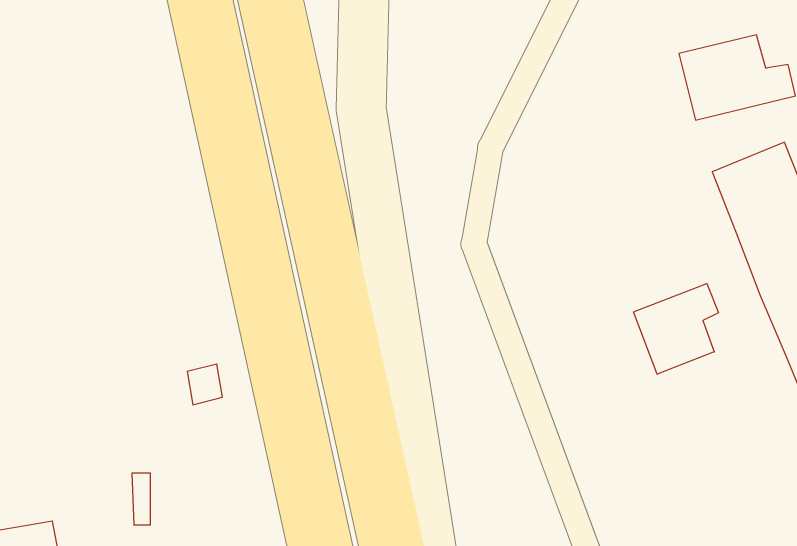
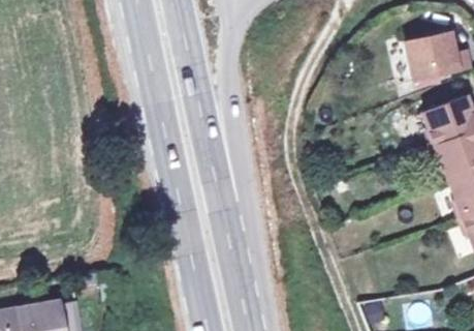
building: [634,284,718,374] -> none

